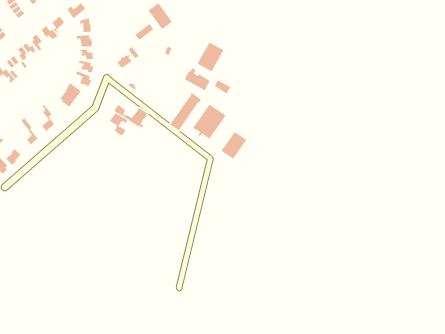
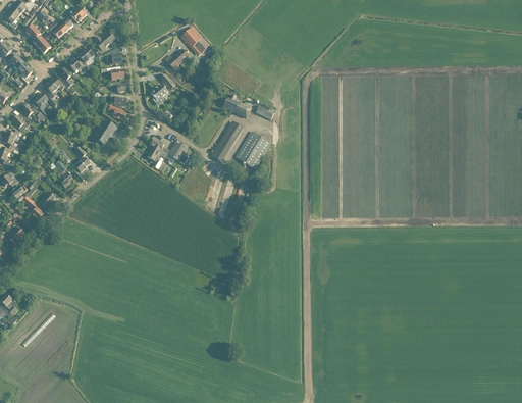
building: [197,42,224,72] -> none
building: [221,131,247,160] -> none

